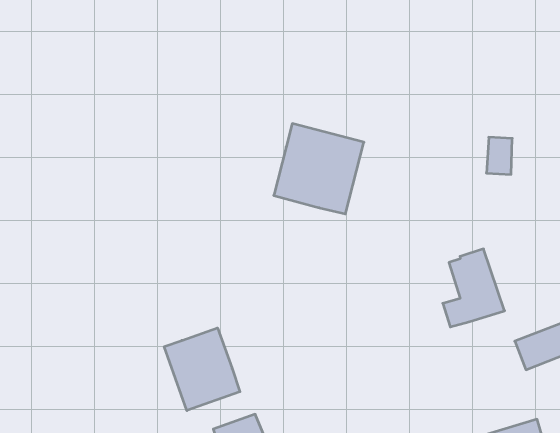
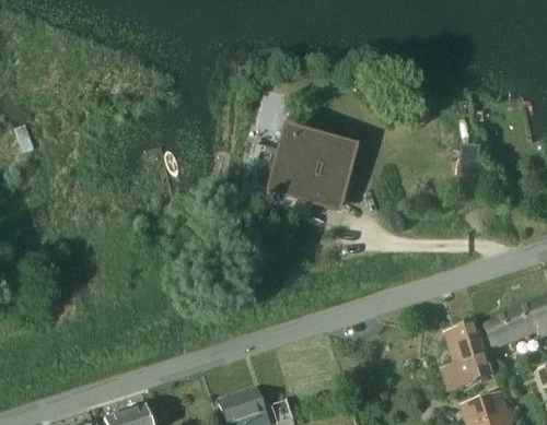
building: [443,249,505,327] -> [440,319,494,388]
building: [164,328,240,411] -> none

